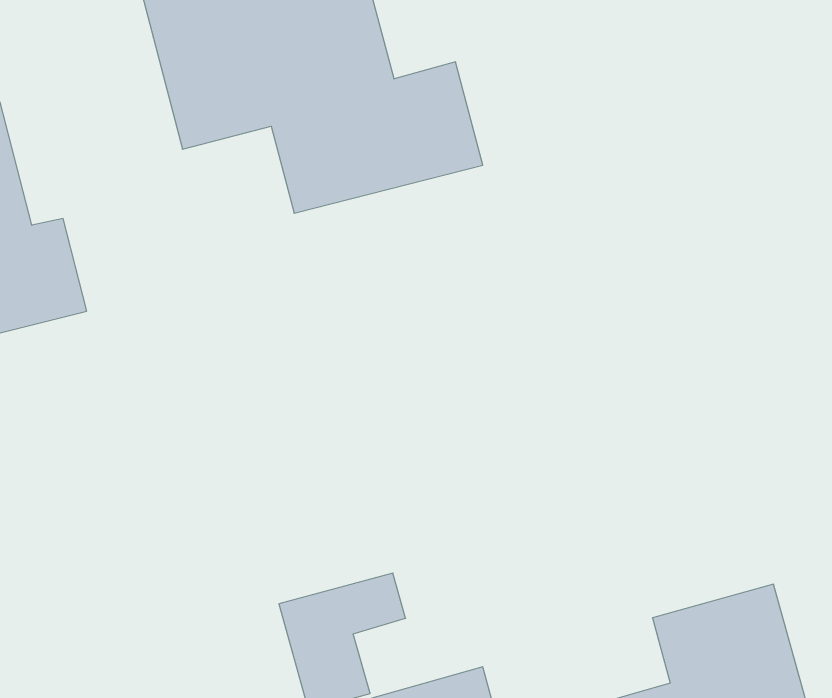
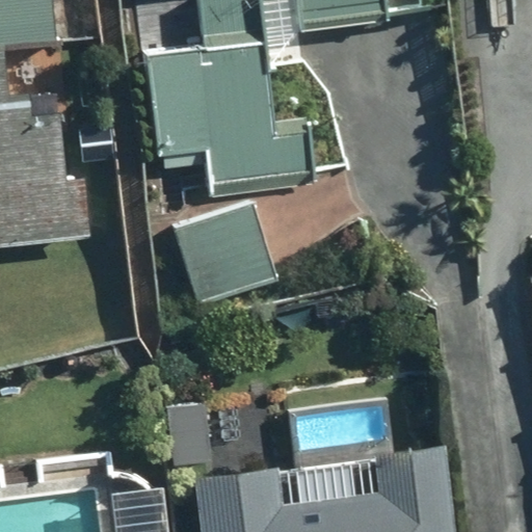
building: none -> [172,200,280,305]

